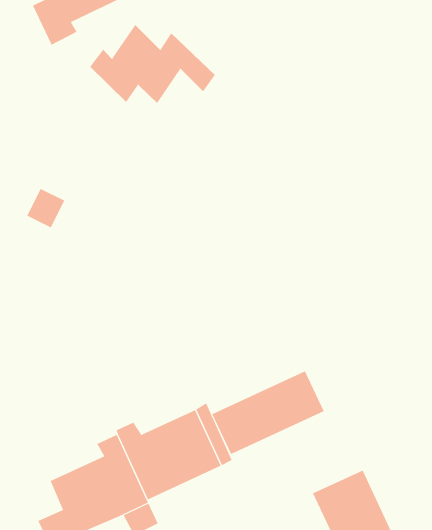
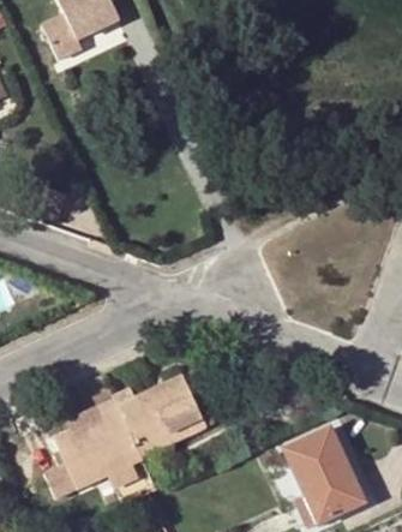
building: [90,24,215,104] -> none
building: [212,370,325,455] -> none

